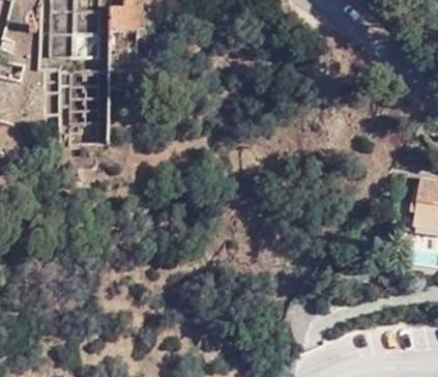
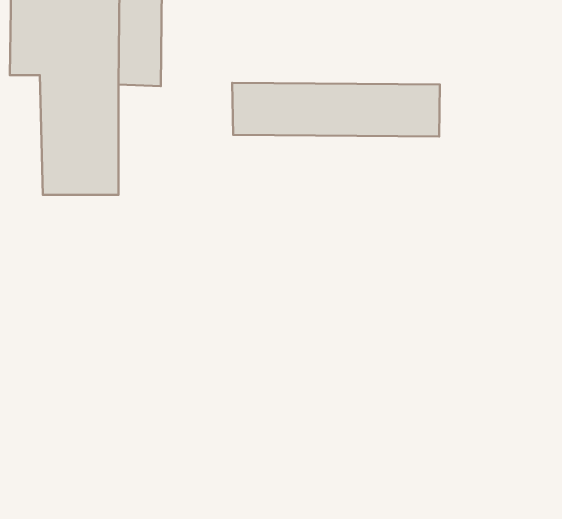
building: none -> [232,83,440,136]

